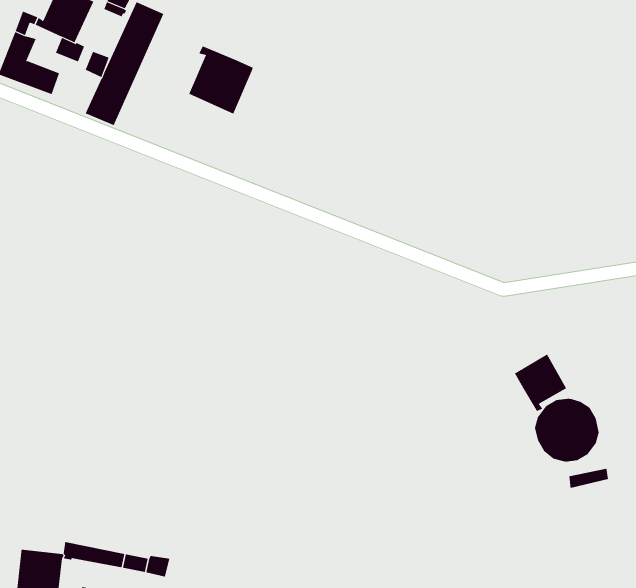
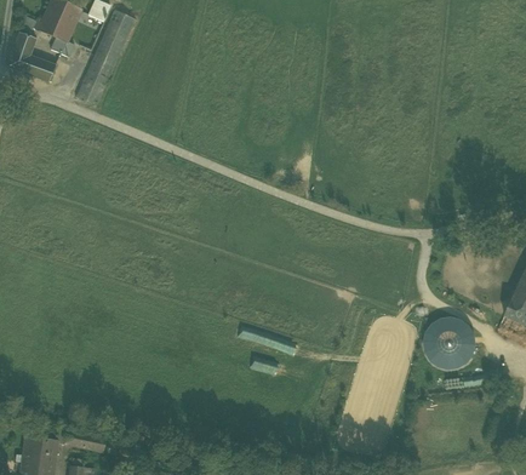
building: [189,45,254,115] -> none
building: [514,353,567,412] -> none

